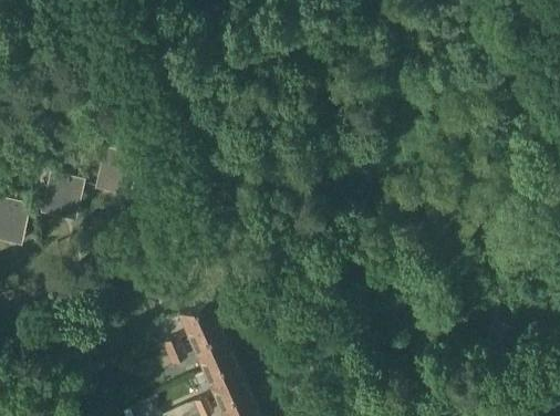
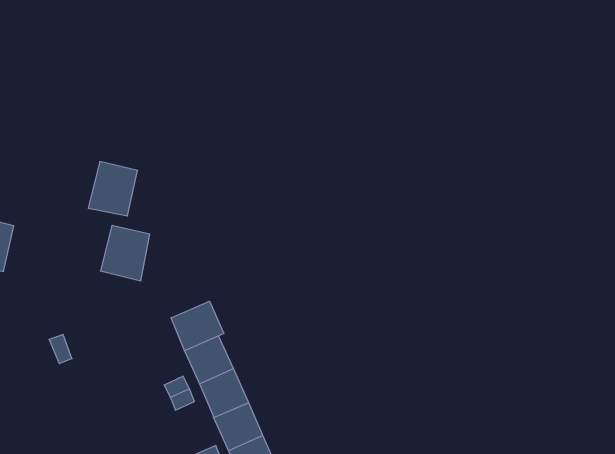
building: [40,173,83,221] -> [100,225,150,281]
building: none -> [171,301,224,351]

